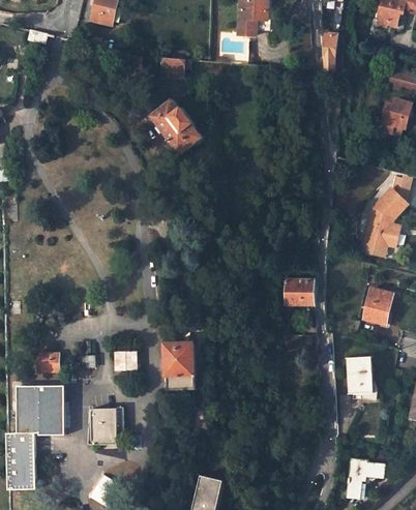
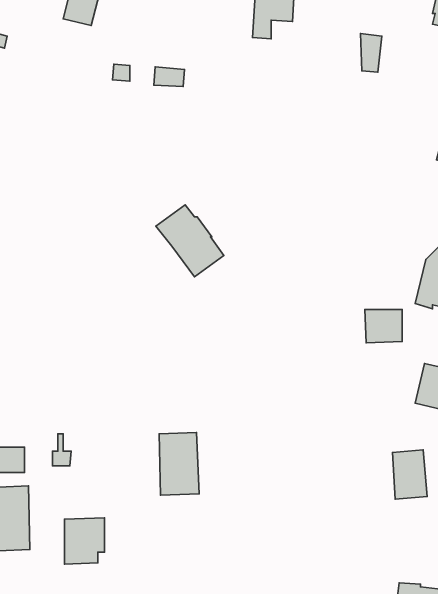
building: [150,99,203,155] -> [156,205,224,277]
building: [286,279,315,305] -> [365,310,402,343]
building: [115,352,138,370] -> none

